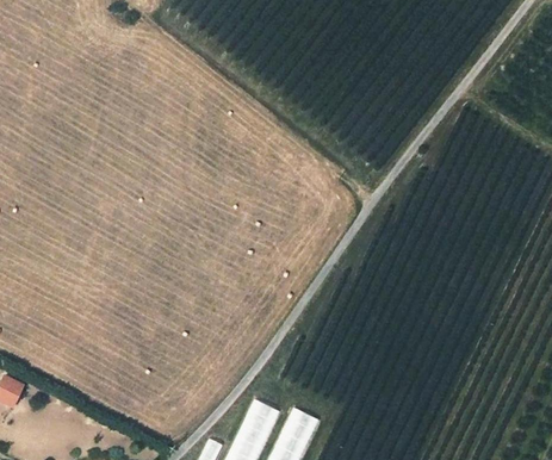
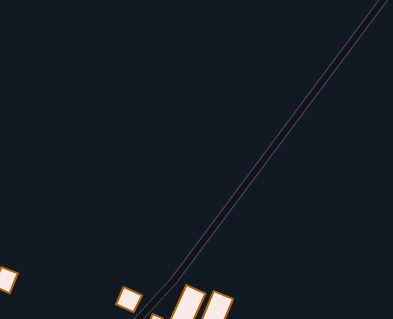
building: none -> [116,287,142,312]

